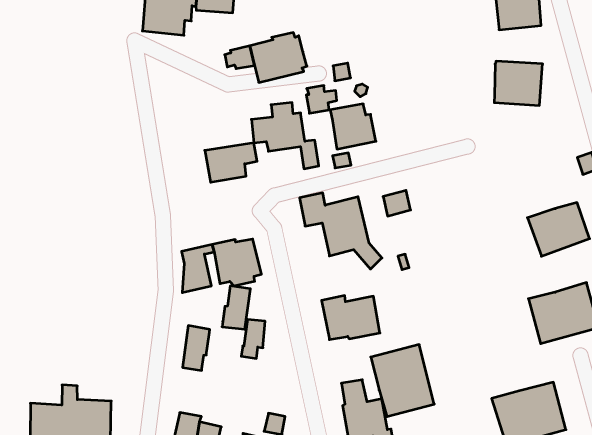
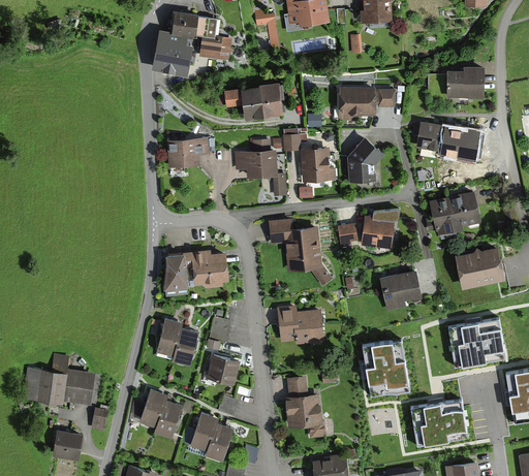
building: none -> [338,88,398,122]
building: none -> [416,123,442,153]
building: none -> [348,139,384,184]
building: none -> [427,192,483,236]
building: [205,143,257,182] -> [167,139,210,168]
building: none -> [362,212,399,249]
building: none -> [380,271,423,312]
building: [222,286,250,329] -> [172,326,198,363]
building: [371,345,434,417] -> [363,337,411,393]
building: none -> [207,353,241,384]

